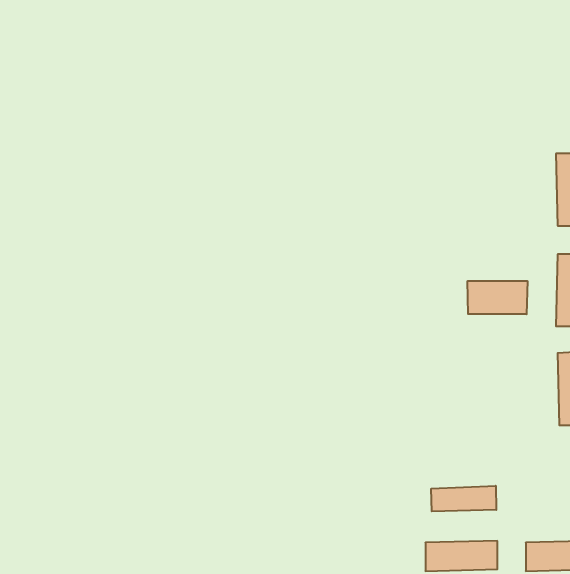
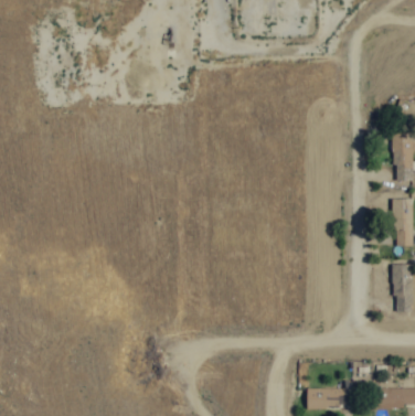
building: [468,281,527,314] -> none
building: [431,486,496,511] -> none

